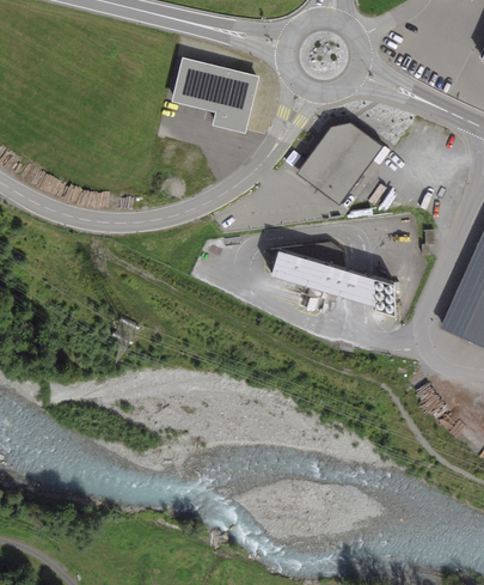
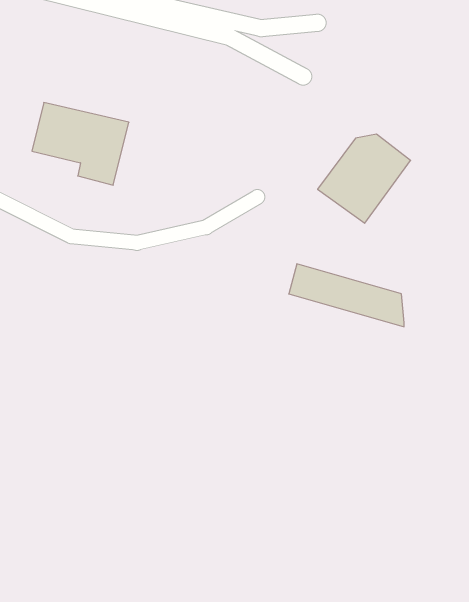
building: [170,61,258,136] -> [32,103,129,185]

